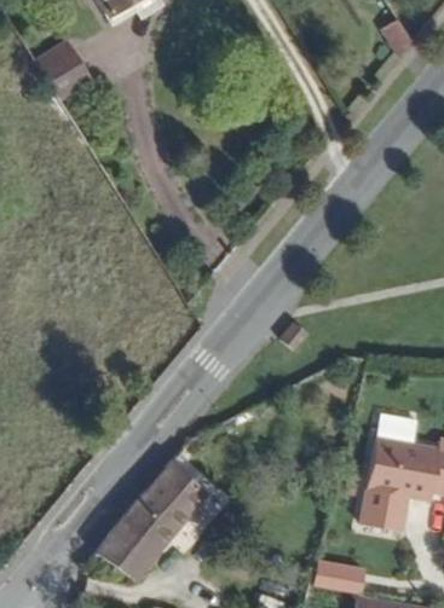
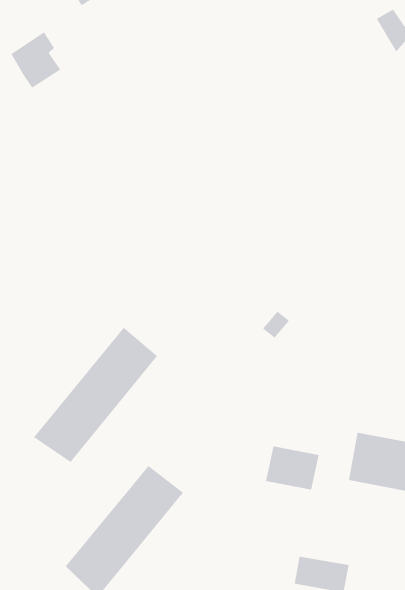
building: none -> [33,327,158,463]
building: [357,481,409,523] -> [265,446,319,490]

